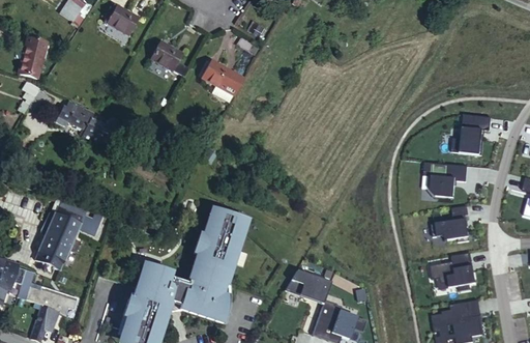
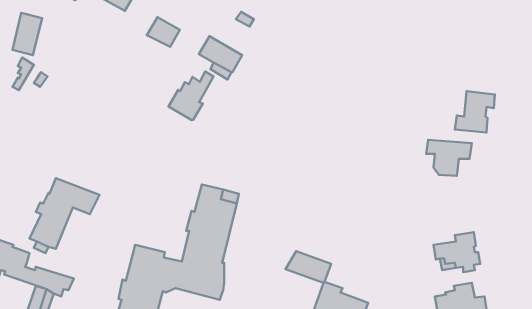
building: none -> [168,72,214,120]
building: [59,102,100,141] -> none
building: [432,205,470,241] -> none

